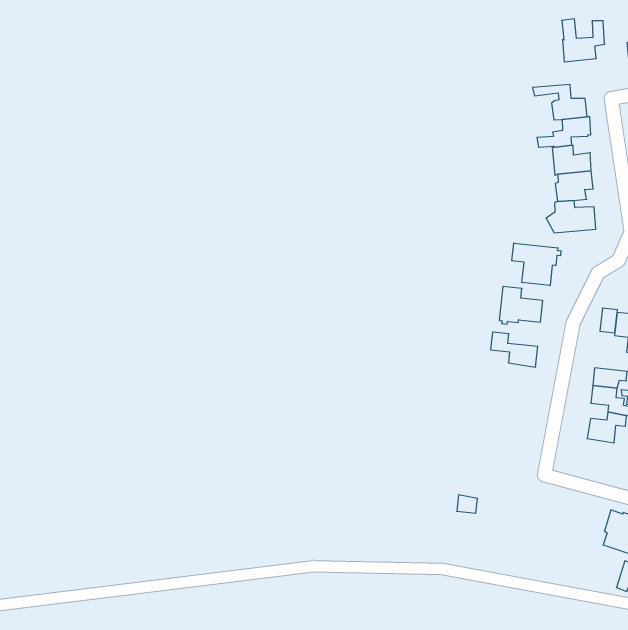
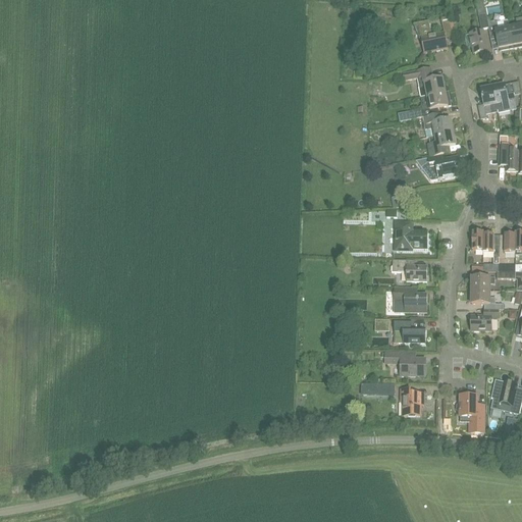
building: [512,243,561,286] -> none
building: none -> [396,285,427,310]
building: none -> [396,318,426,342]
building: none -> [386,351,425,373]
building: none -> [402,387,423,414]
building: none -> [457,394,484,430]

